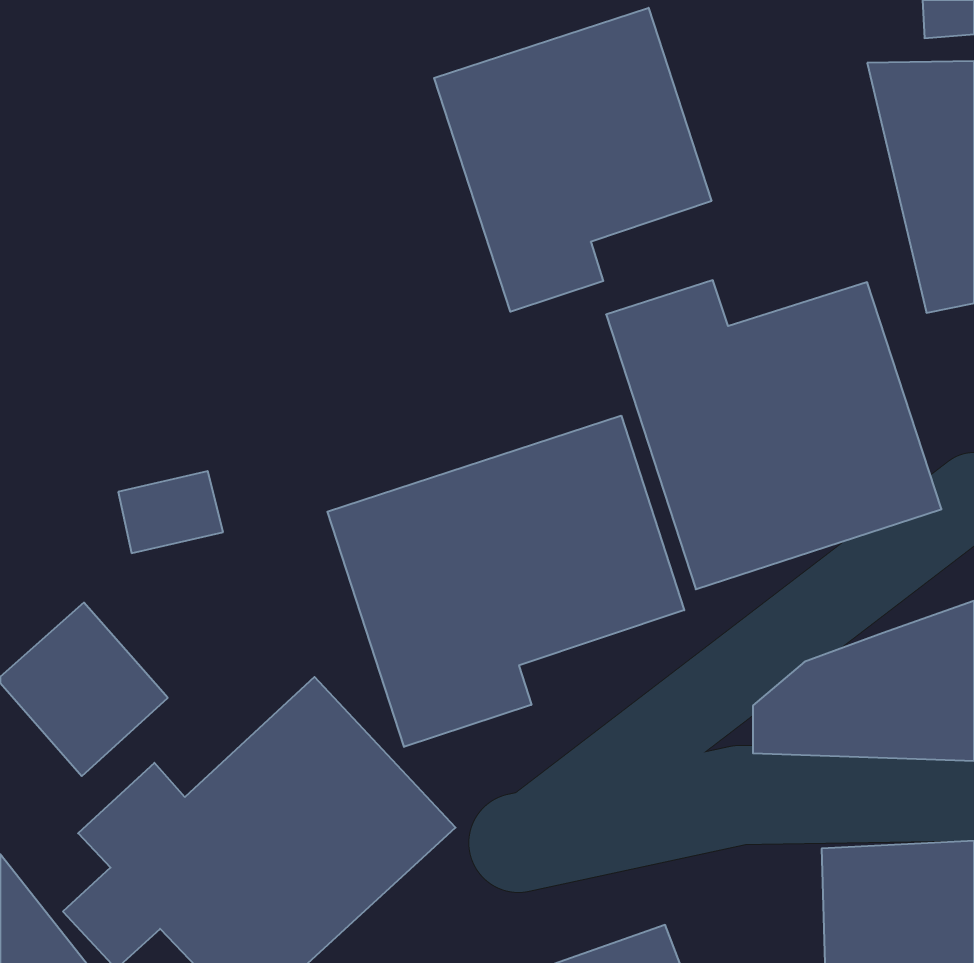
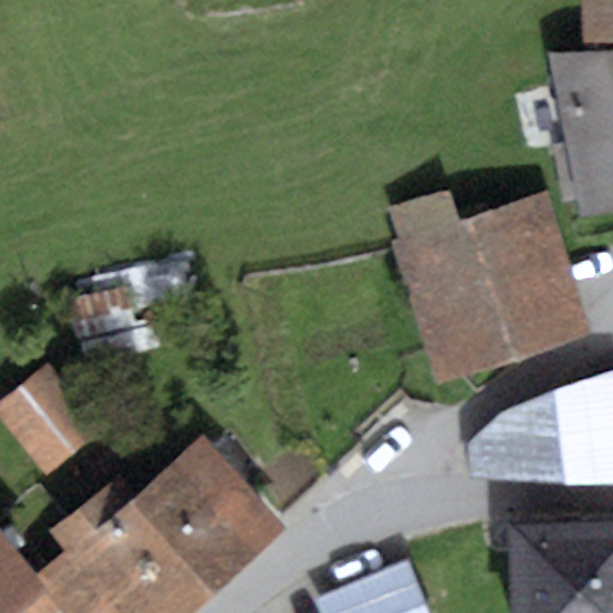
building: [434,8,711,312] -> none
building: [327,416,684,747] -> none

